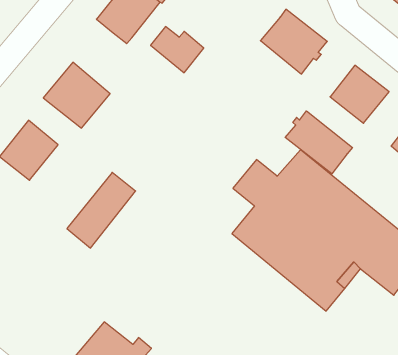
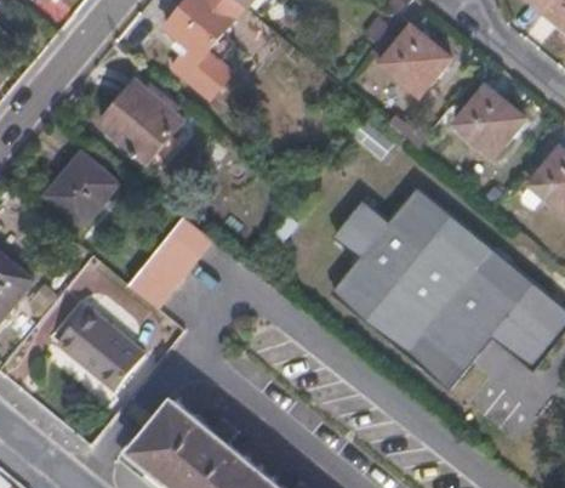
building: [151,27,204,73] -> [166,44,232,101]
building: [285,111,352,174] -> none
building: none -> [55,306,143,390]

